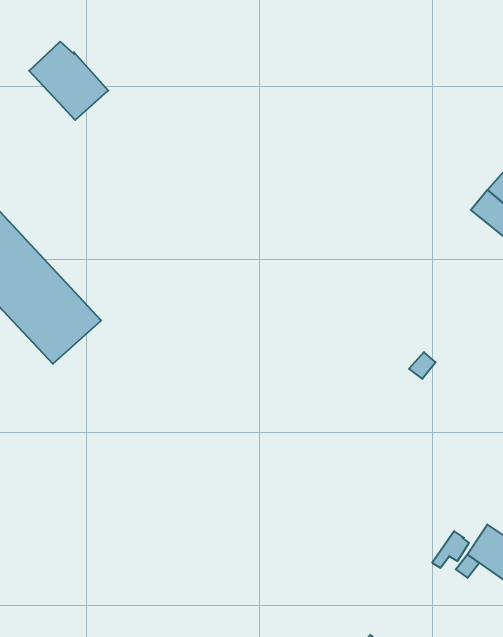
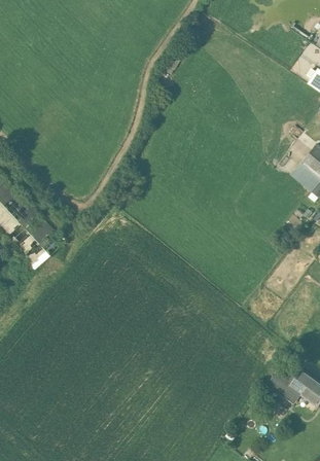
building: [29,42,108,120] -> none

